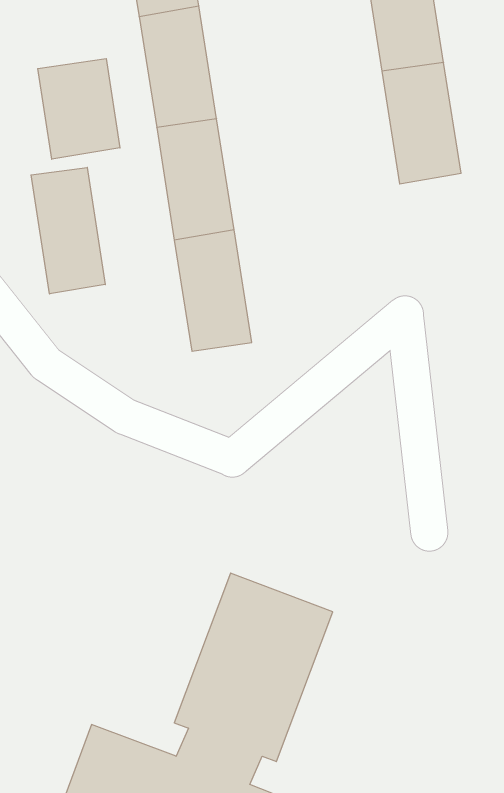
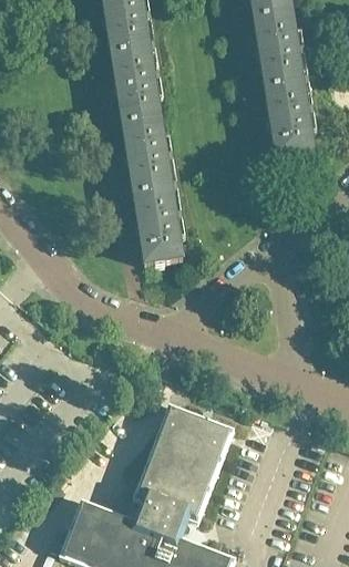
building: [38,59,120,159] -> none
building: [31,167,105,294] -> none

